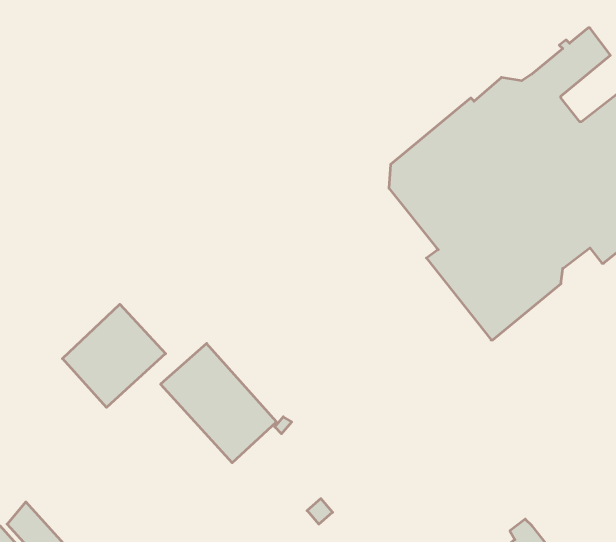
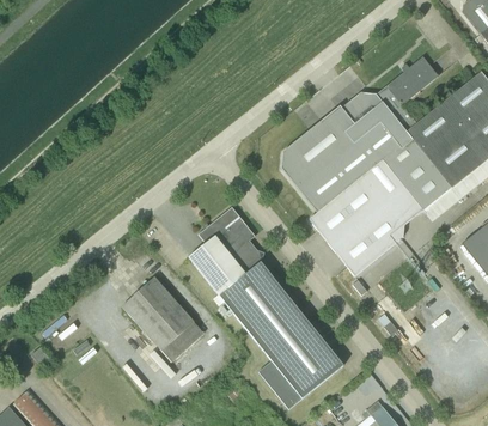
building: none -> [189,207,343,408]
building: [62,304,166,407] -> none

